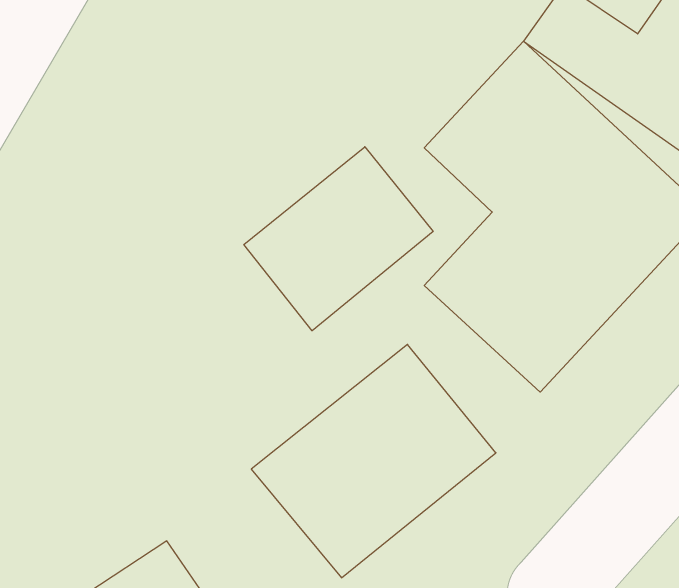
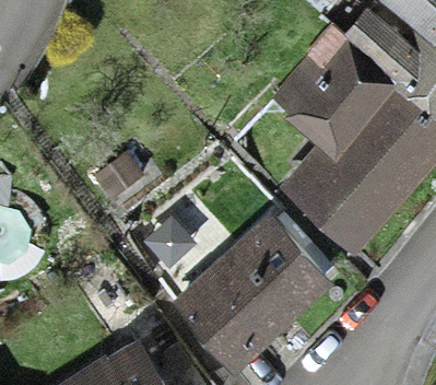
building: [244,147,433,331] -> none

